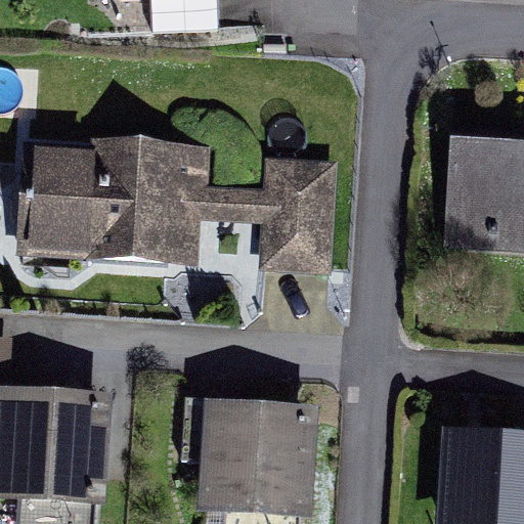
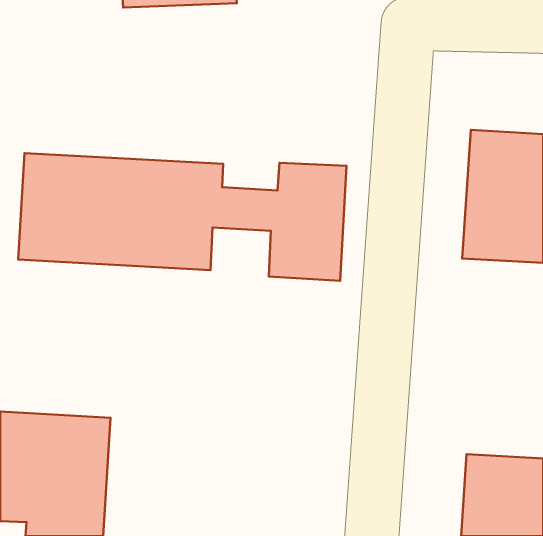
building: [202,405,315,509] -> none

